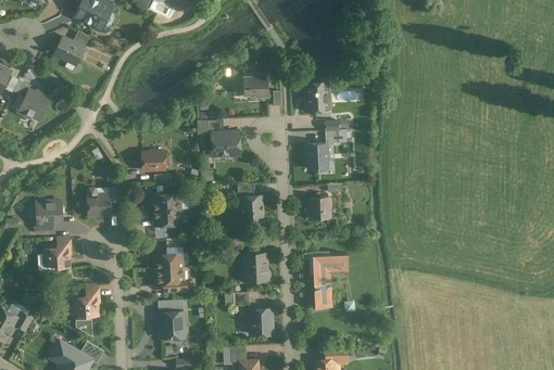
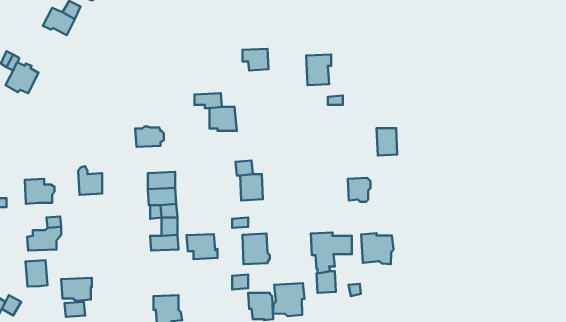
building: [307,144,327,170] -> [377,128,397,156]
building: [310,197,331,220] -> [348,178,370,202]
building: none -> [361,233,393,264]
building: [156,268,186,292] -> [187,234,217,259]
building: none -> [25,260,48,287]
building: none -> [273,283,304,316]

